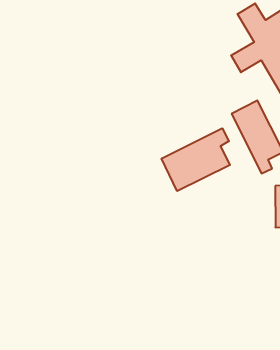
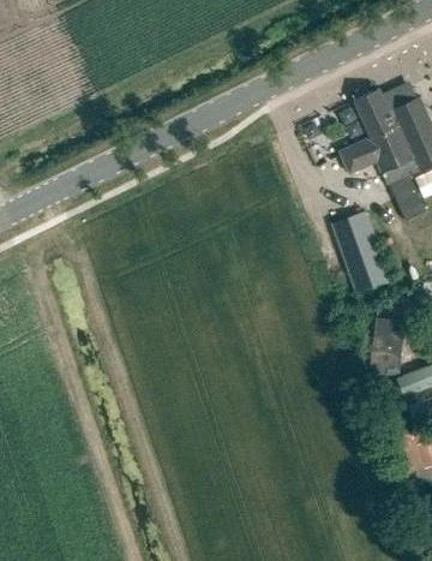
building: [162,128,230,191] -> none

